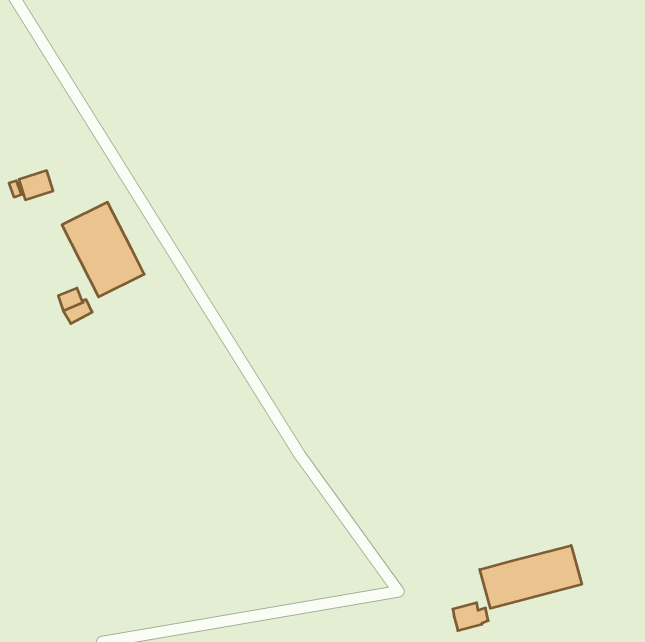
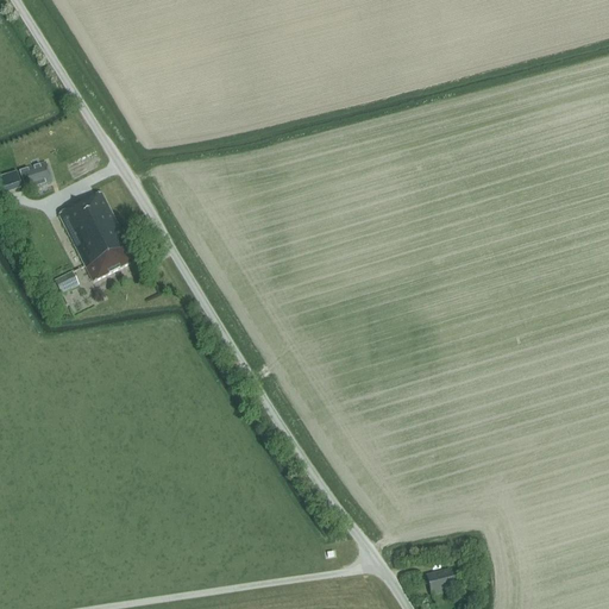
building: [480,545,582,608] -> none

